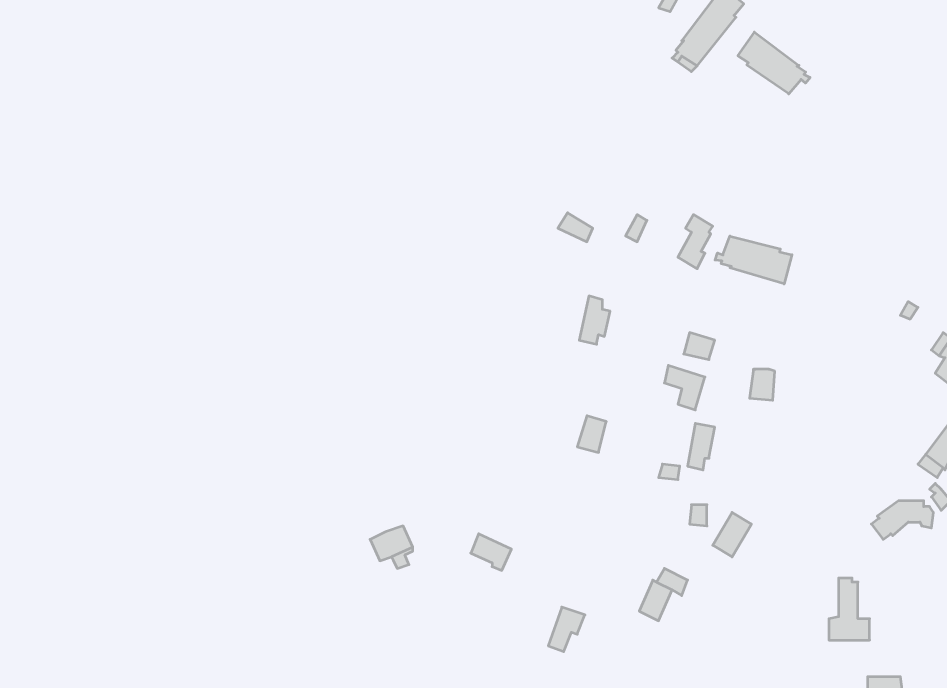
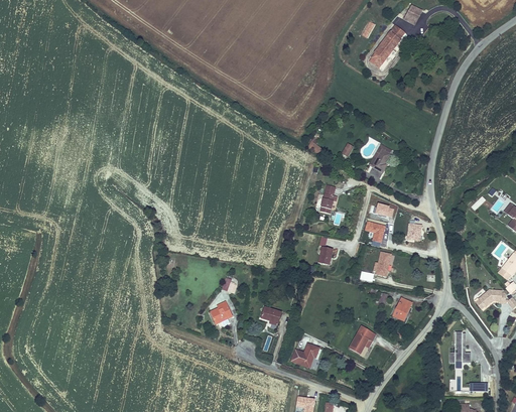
building: [738,32,810,94] -> none
building: [715,236,792,284] -> none

